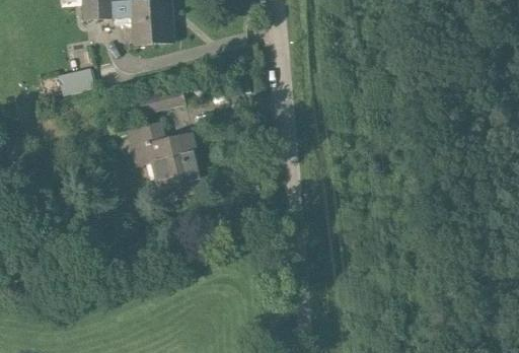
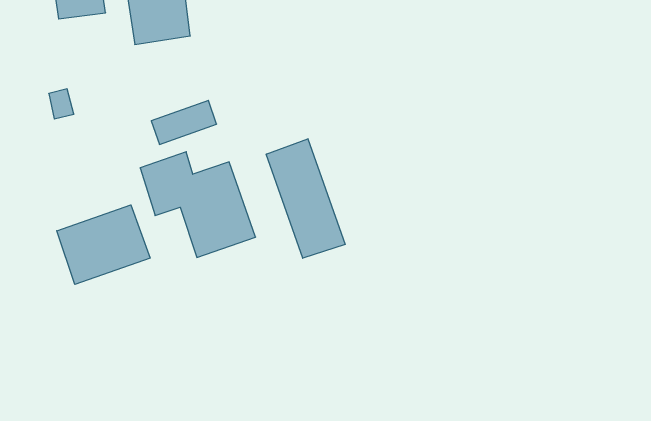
building: none -> [266,139,345,258]
building: none -> [57,205,150,284]

